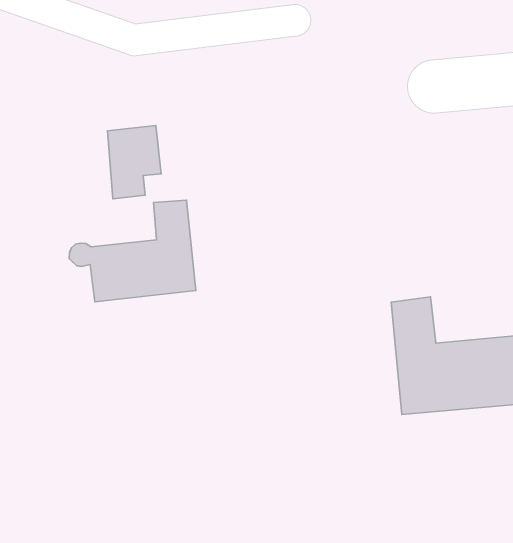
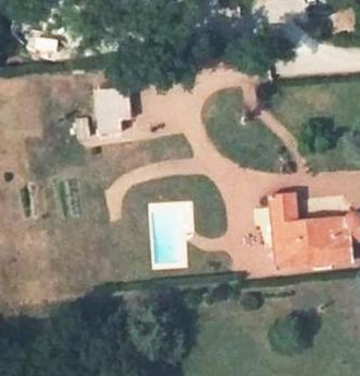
building: [69,200,196,302] -> none

